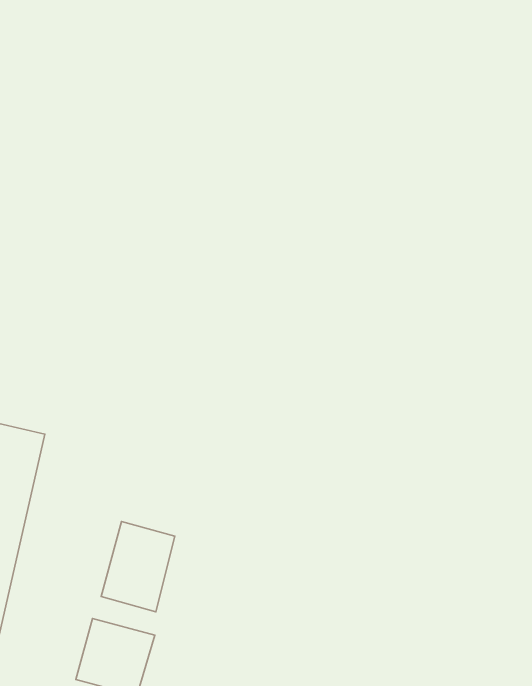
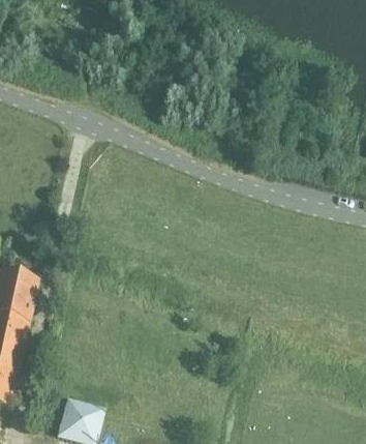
building: [101,522,175,612] -> none

